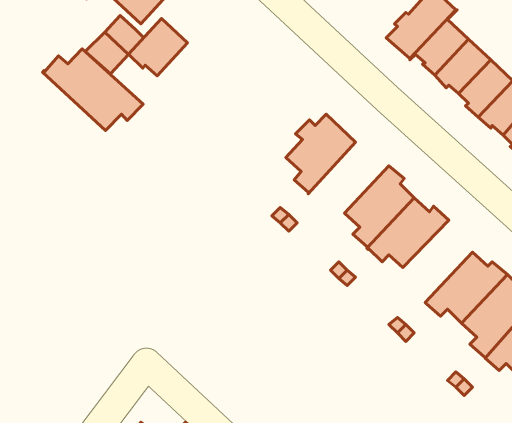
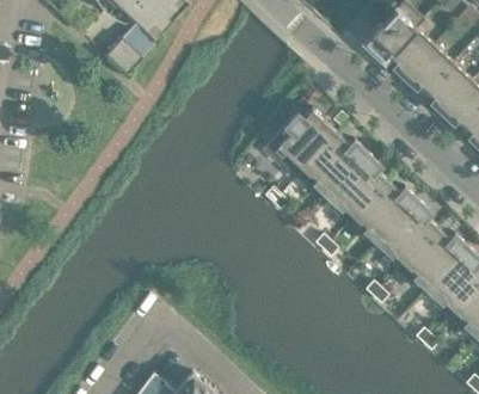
building: [129,18,188,76] -> none
building: [42,49,143,131] -> none
building: none -> [297,134,367,195]
building: none -> [379,201,438,271]

